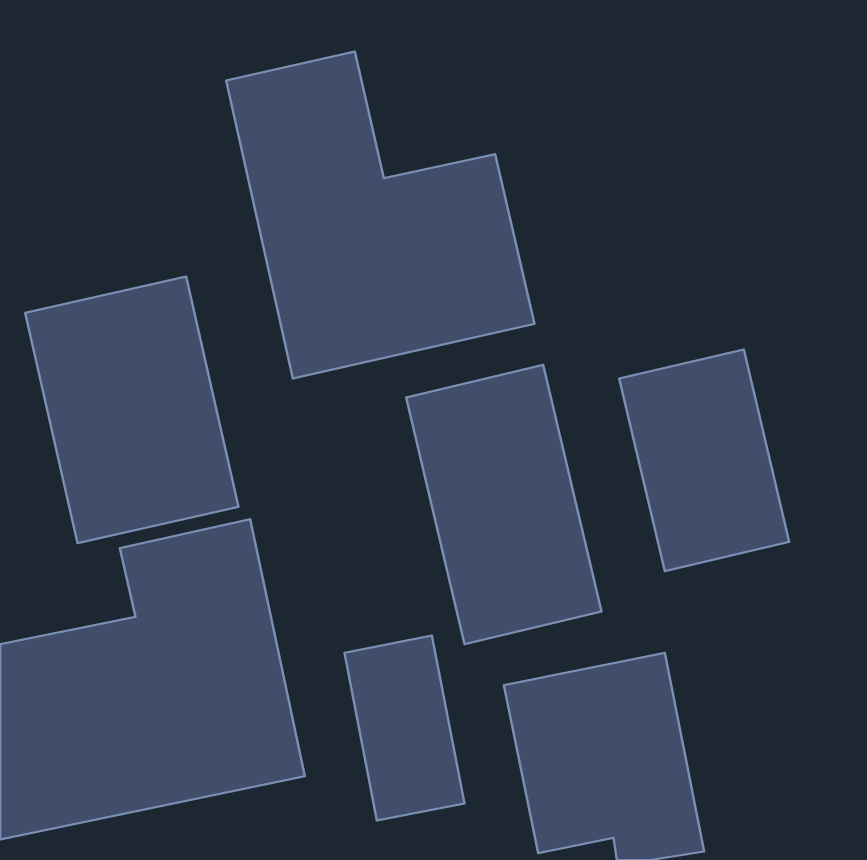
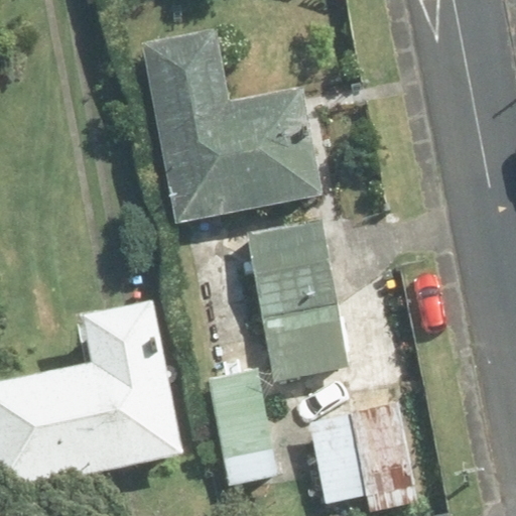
building: [25,276,239,543] -> none
building: [619,349,789,571] -> none

